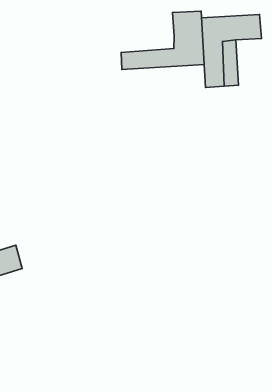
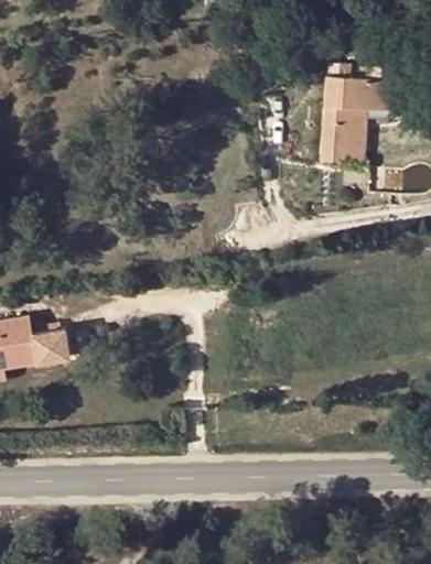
building: [121,11,204,70] -> none

